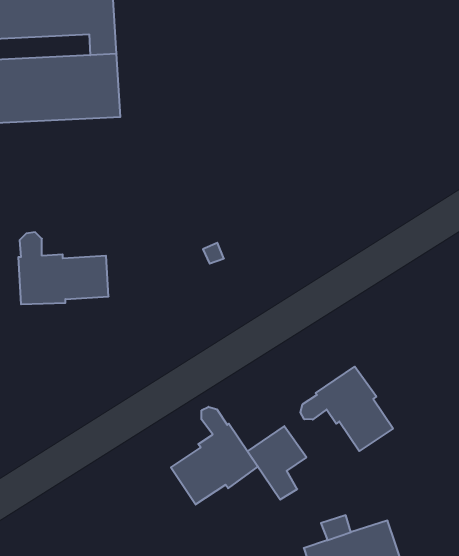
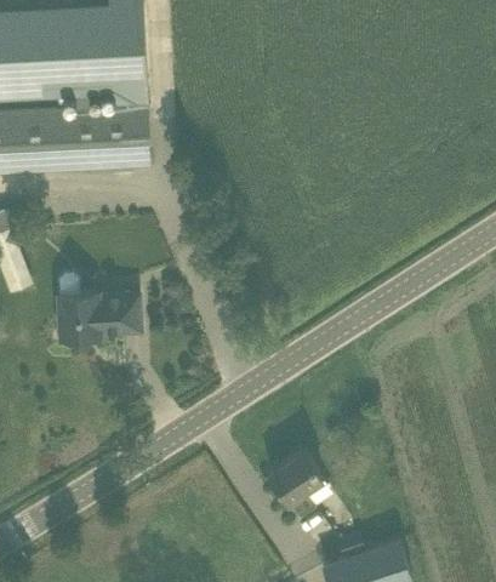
building: [301,367,393,451] -> none
building: [171,407,258,505] -> none

